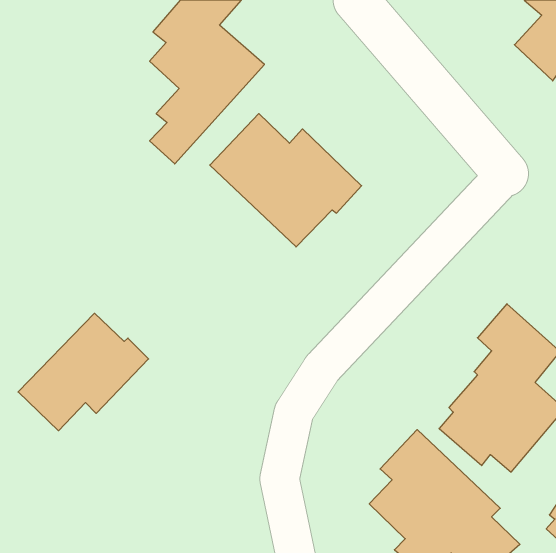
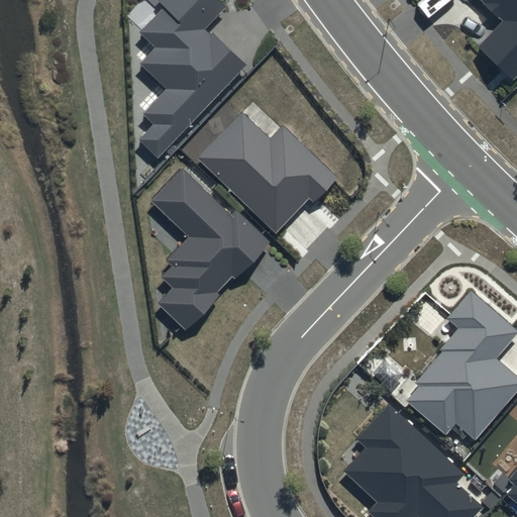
building: none -> [148,166,271,329]
building: [18,313,149,431] -> none

